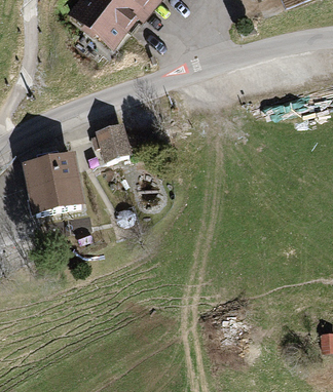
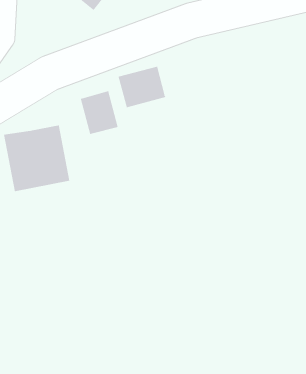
building: none -> [118,66,166,108]

